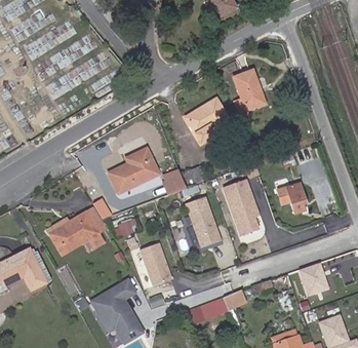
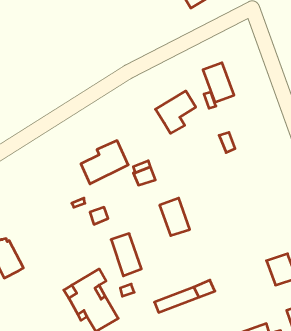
building: [223,181,256,234] -> none
building: [277,183,305,214] -> none
building: [47,208,104,254] -> none

